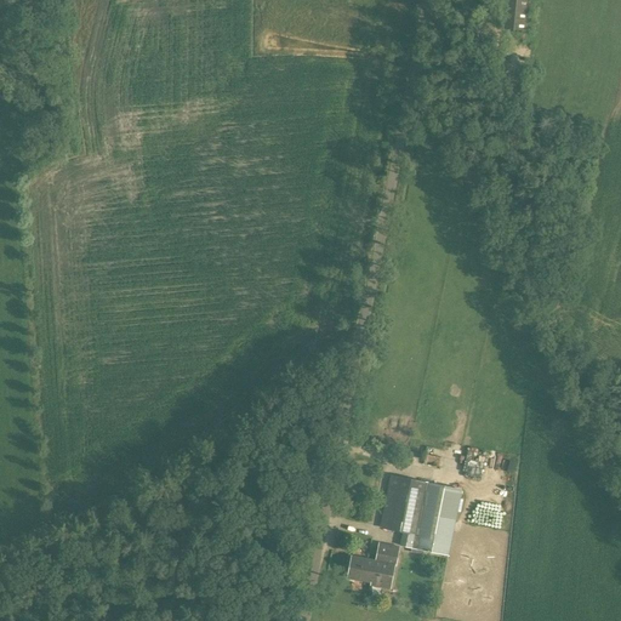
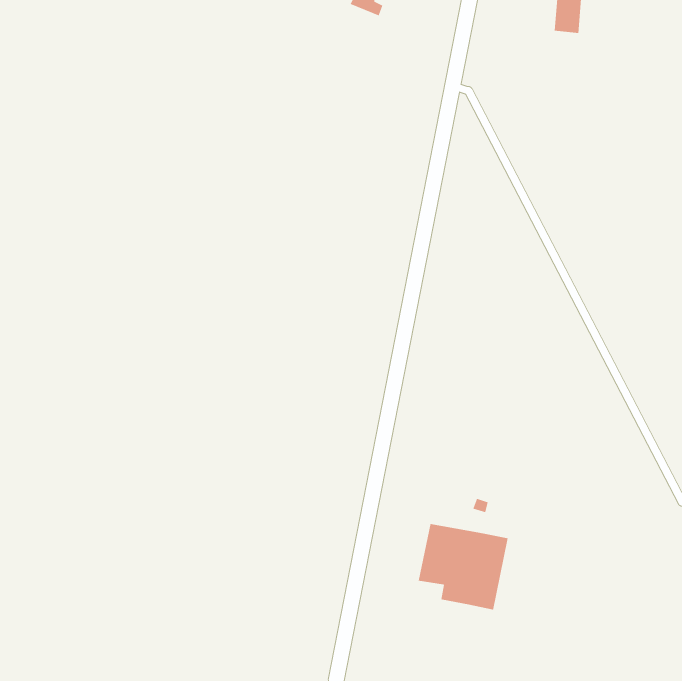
building: [347,541,399,588] -> none

